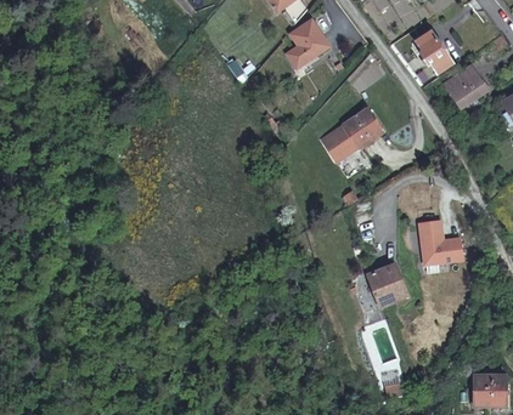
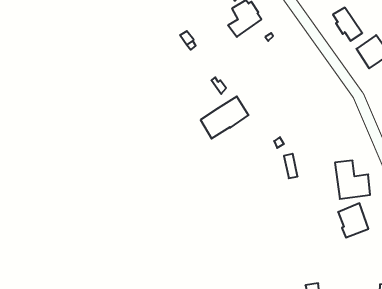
building: [322,109,382,161] -> [201,96,249,139]
building: [370,265,407,307] -> [338,203,368,238]

